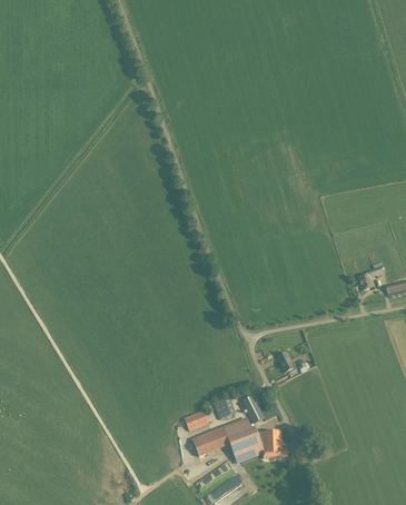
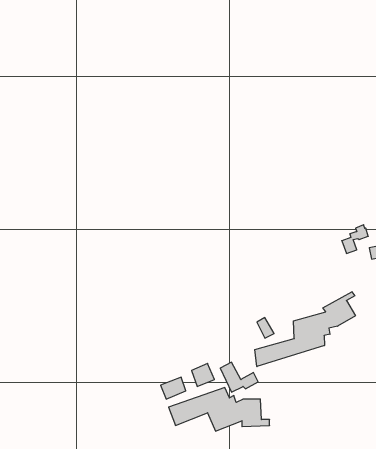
building: none -> [255,292,355,367]

